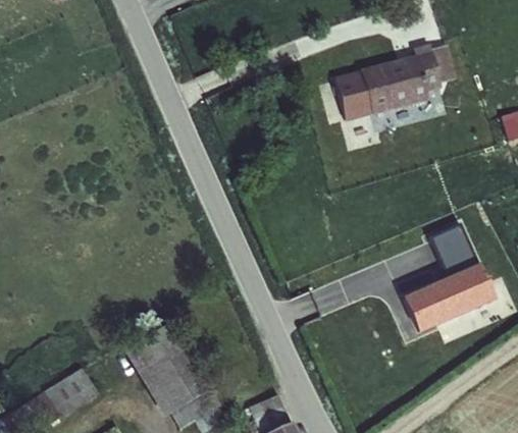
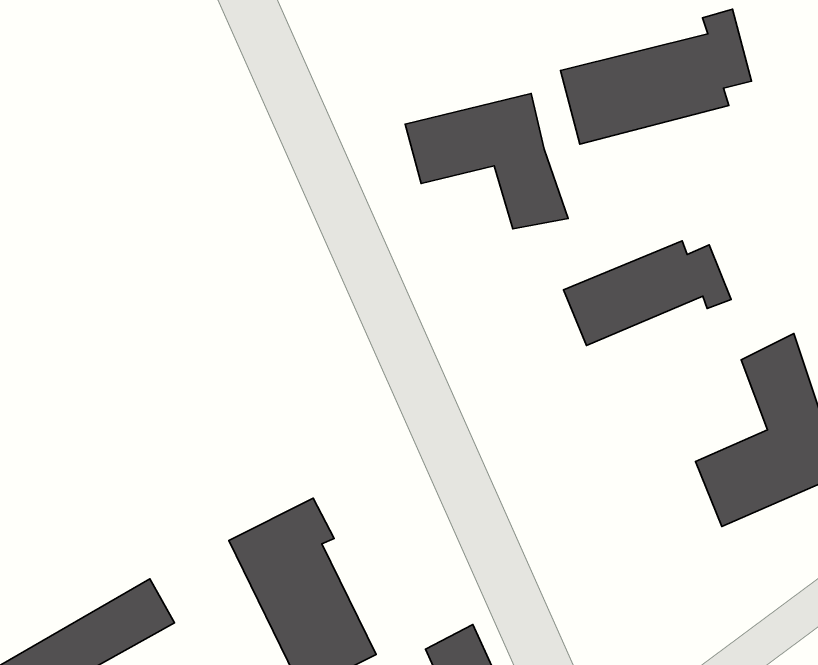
building: none -> [405,94,568,229]
building: none -> [564,241,731,346]

